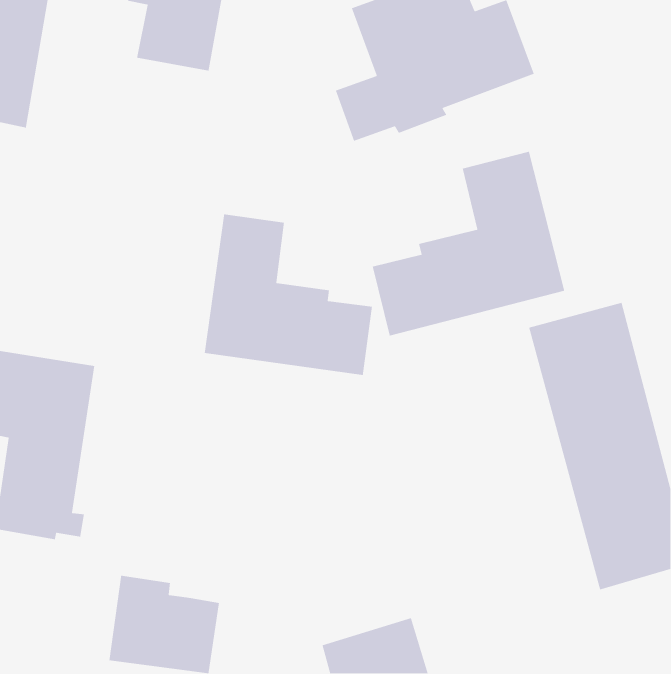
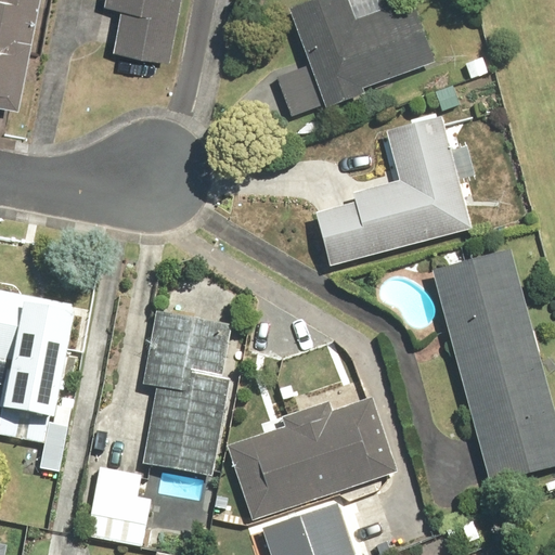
building: [204,213,373,376] -> none
building: none -> [144,308,236,495]
building: none -> [227,397,398,519]

